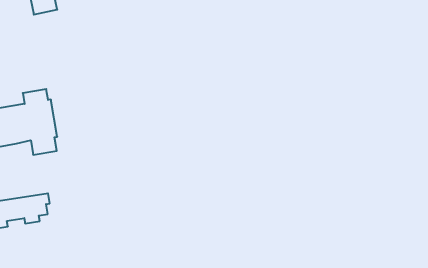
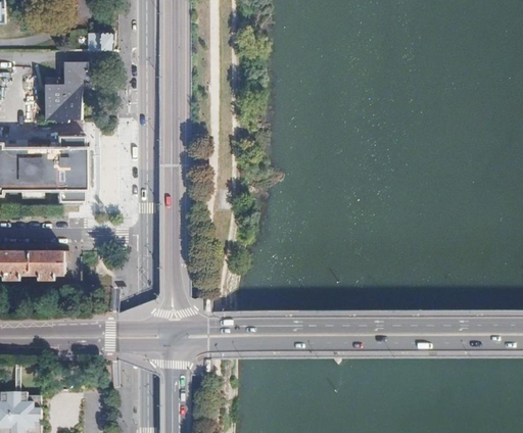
building: none -> [44,61,87,119]

